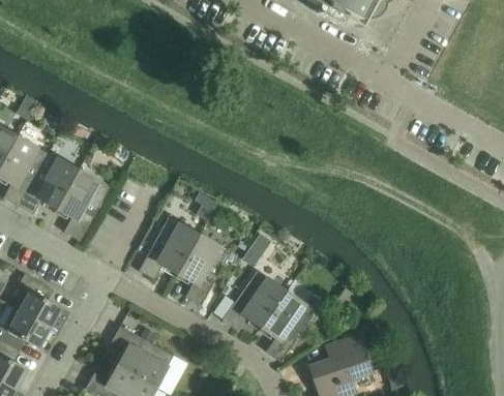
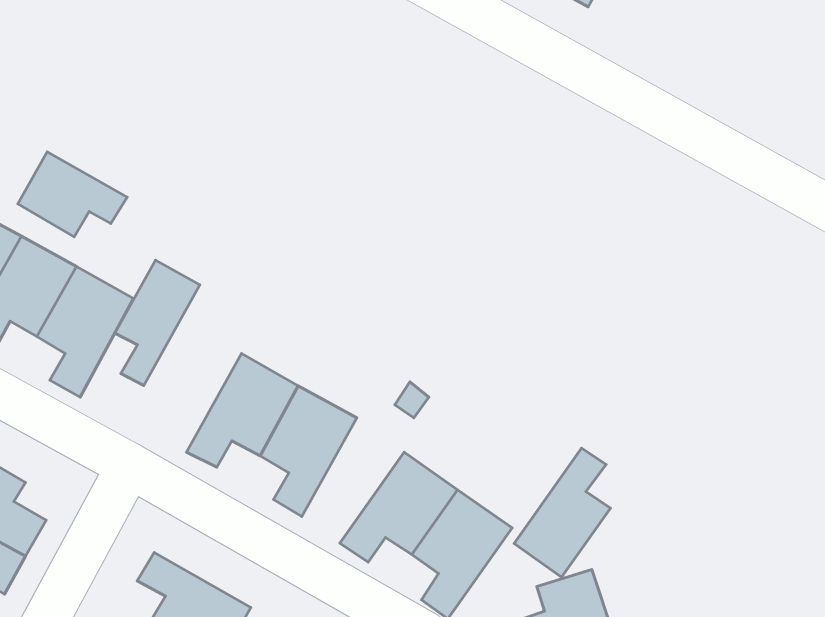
building: none -> [18,152,127,237]
building: none -> [115,260,200,385]
building: none -> [514,448,610,577]

